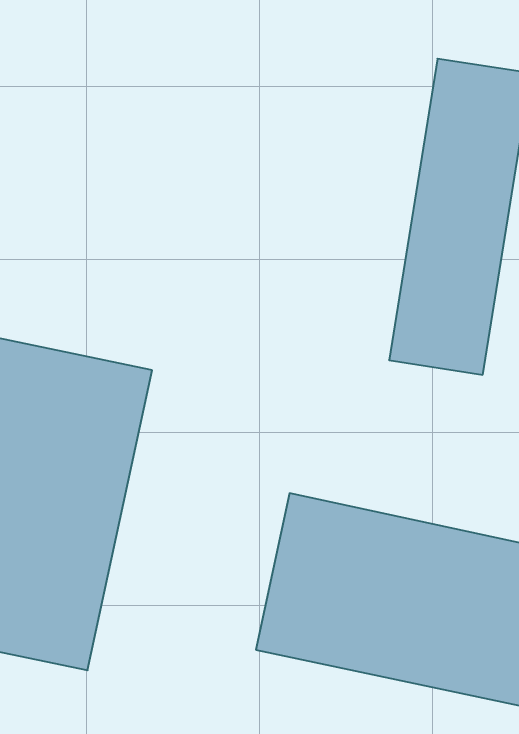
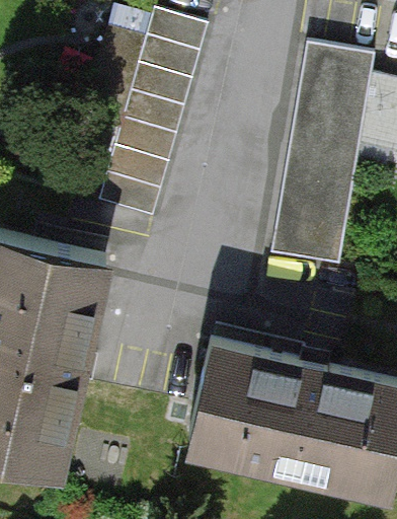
building: none -> [103,8,214,210]

